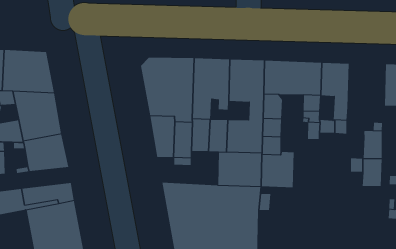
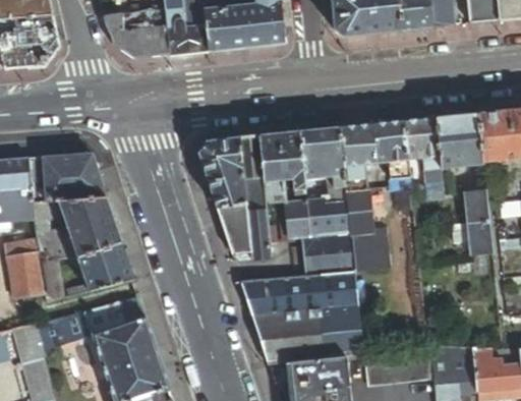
building: none -> [437,113,482,168]

